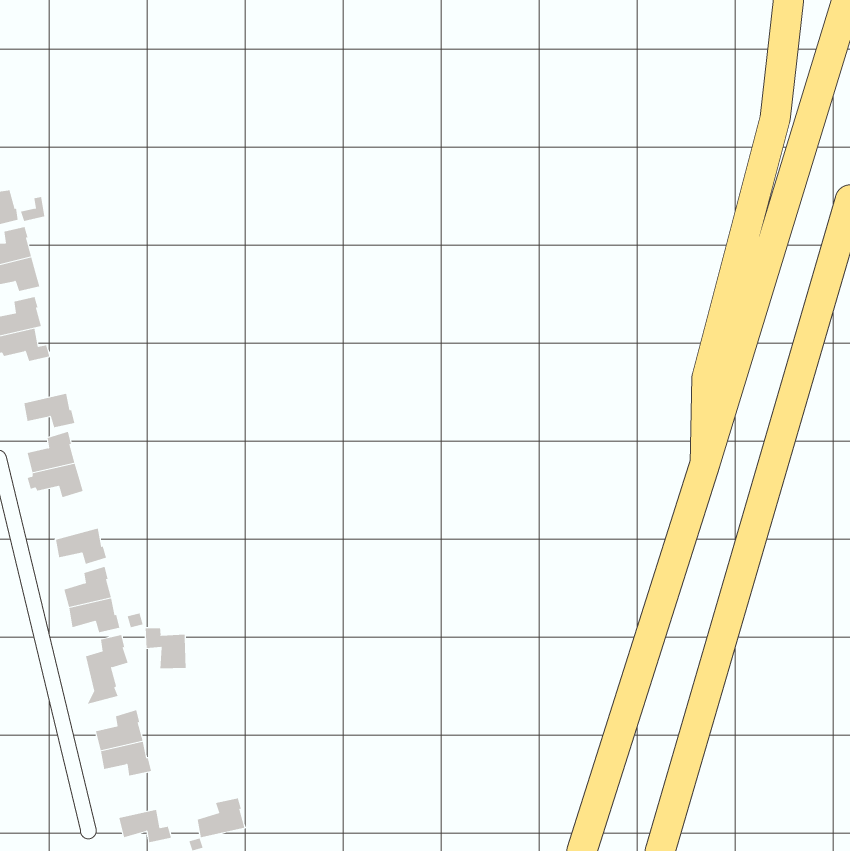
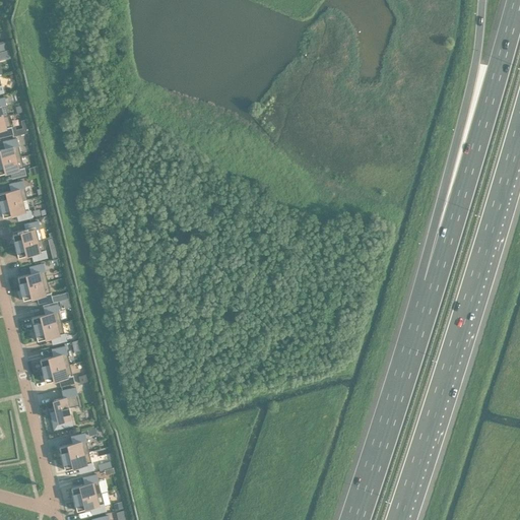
building: none -> [11,220,41,246]
building: none -> [30,304,60,329]
building: [145,628,186,669] -> none
building: [197,798,245,838] -> [70,474,100,499]

